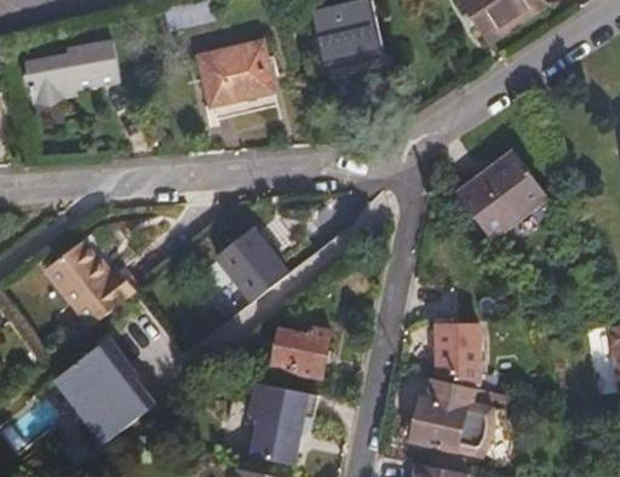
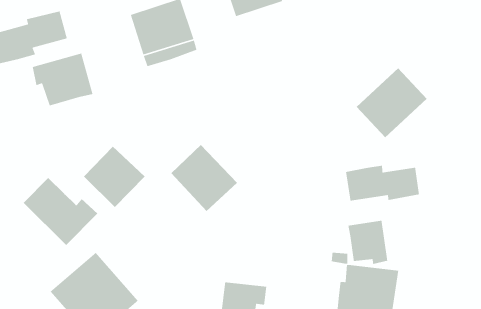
building: none -> [32,52,93,107]
building: none -> [83,146,146,208]
building: none -> [345,165,420,201]
building: [270,324,329,373] -> none

